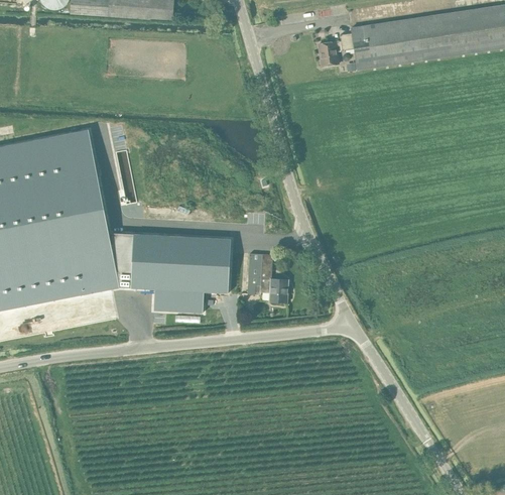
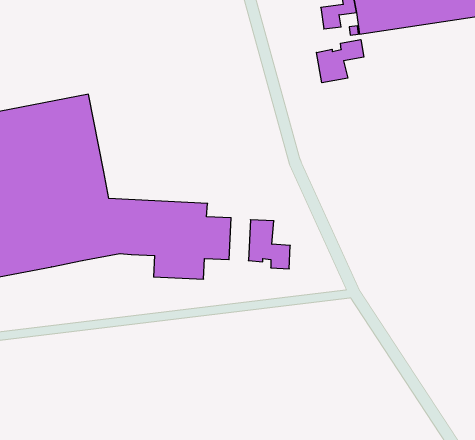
building: none -> [316,40,364,83]

